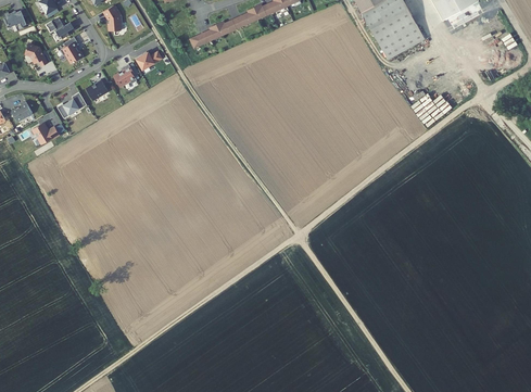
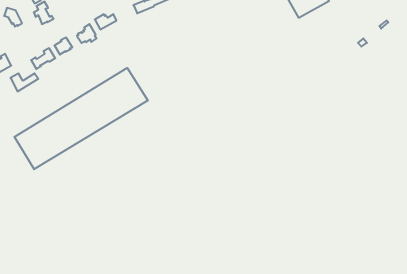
building: none -> [14,68,148,169]

